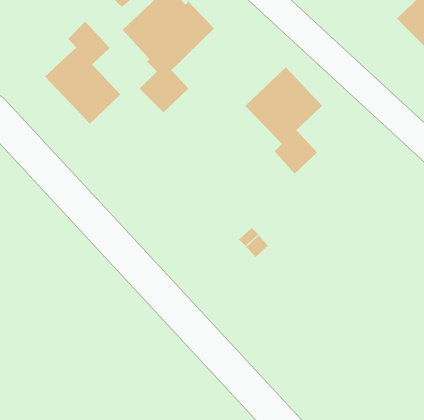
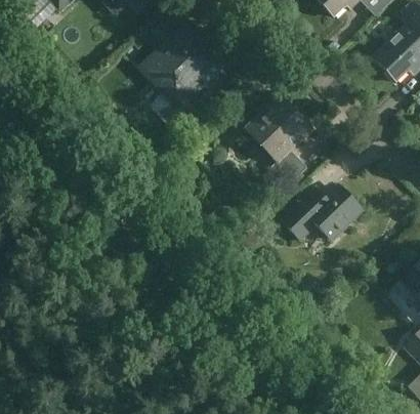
building: [44,21,121,124] -> none
building: none -> [283,188,363,241]

